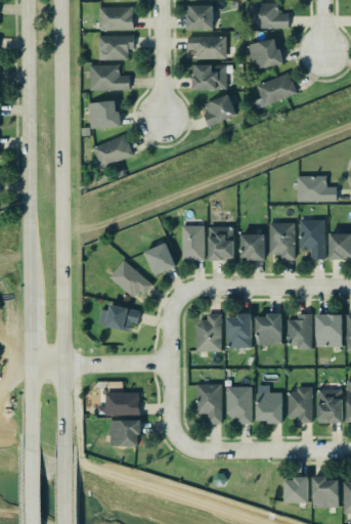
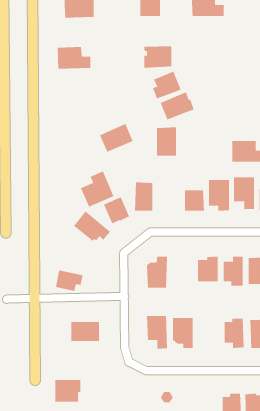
building: [98,36,134,60] -> none
building: [187,37,226,59] -> none
building: [248,38,283,69] -> none
building: [256,72,297,105] -> [160,92,194,120]
building: [88,100,121,129] -> none
building: [92,134,133,169] -> [99,123,134,152]
building: none -> [80,171,114,207]
building: [209,225,233,260] -> [156,127,177,156]
building: [106,305,140,331] -> [55,270,84,291]
building: [225,314,251,349] -> none
building: [257,392,282,424] -> none
building: [109,420,141,446] -> [55,380,81,402]

